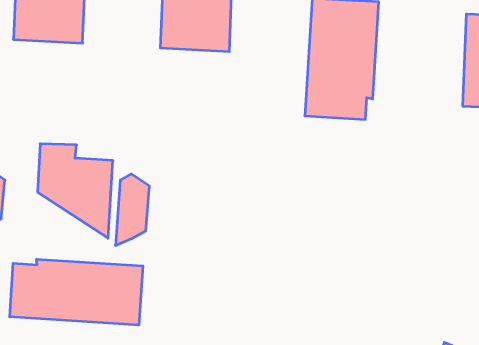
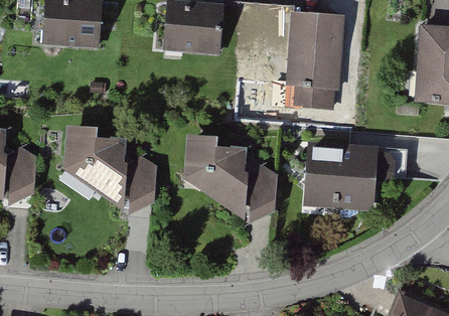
building: none -> [184,135,278,223]
building: none -> [306,143,397,208]
building: [10,259,143,325] -> none

